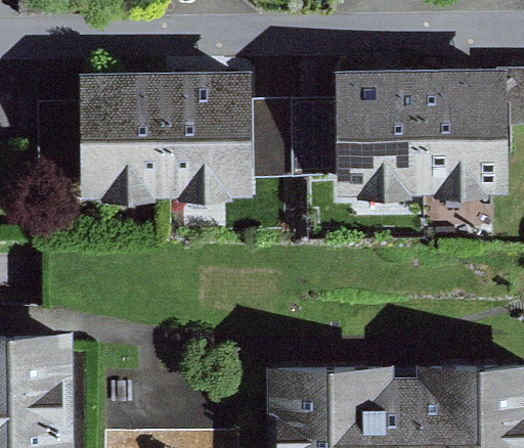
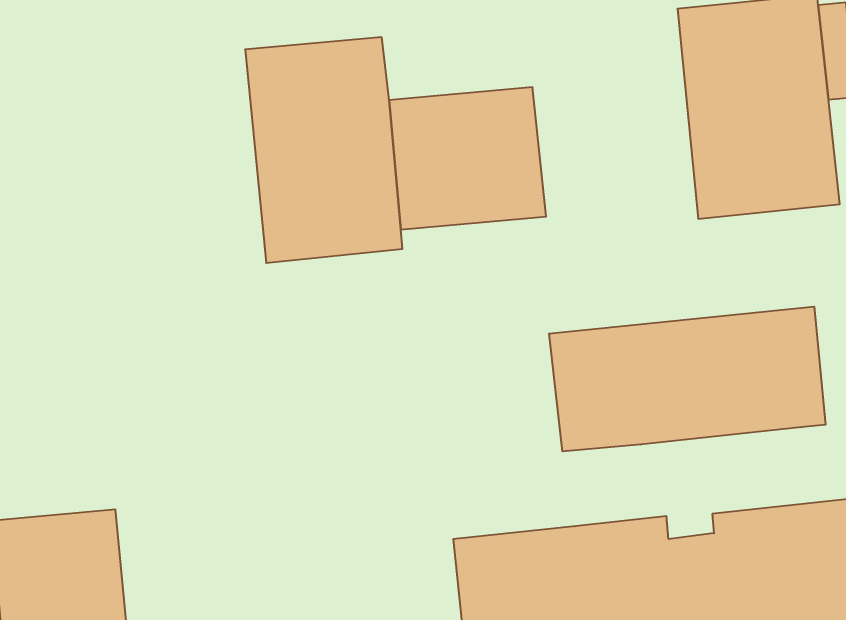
building: [337,65,426,189] -> none
building: [82,66,173,191] -> none
building: none -> [549,307,825,451]

